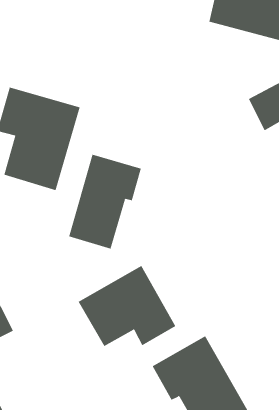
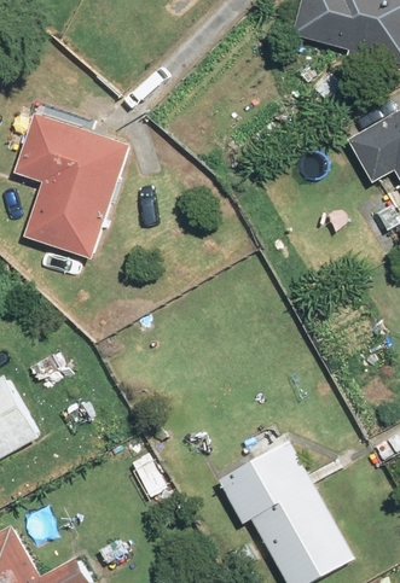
building: [68,154,141,249] -> none
building: [78,265,176,347] -> none

